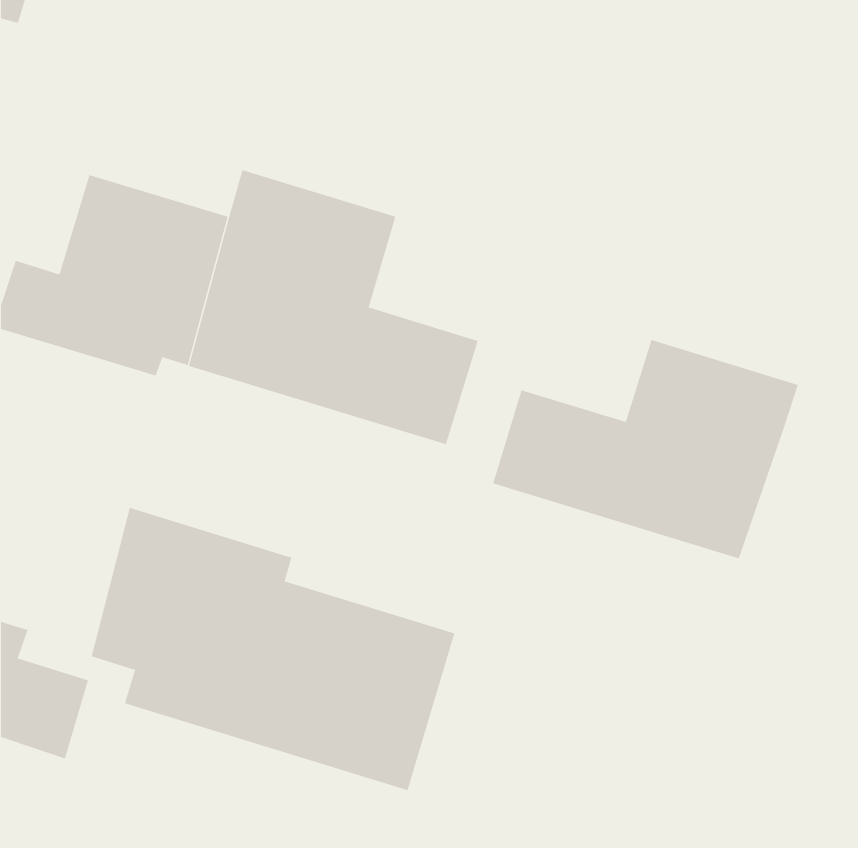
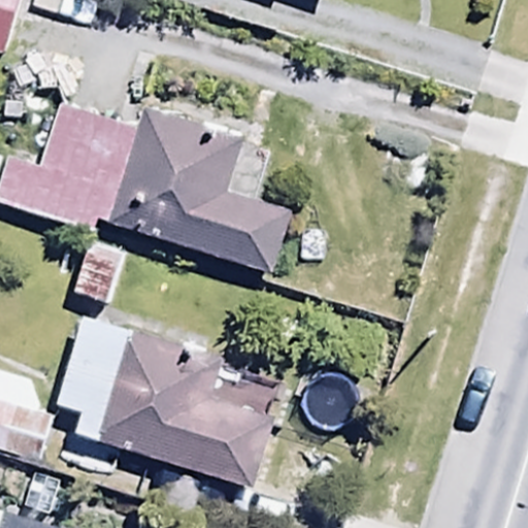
building: [493,339,798,559] -> none

